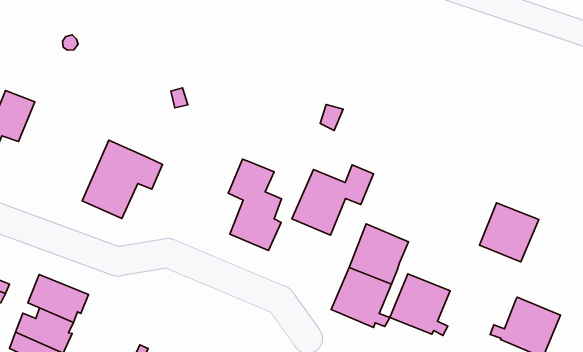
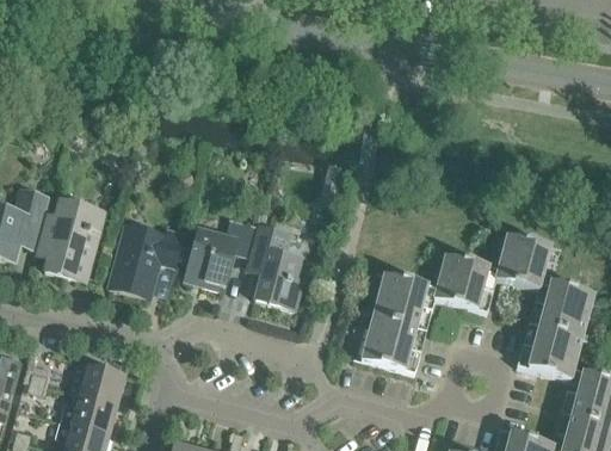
building: none -> [38,199,103,279]
building: [292,165,373,235] -> [184,220,257,290]
building: none -> [539,280,594,335]
building: [390,274,450,336] -> [434,254,492,309]

